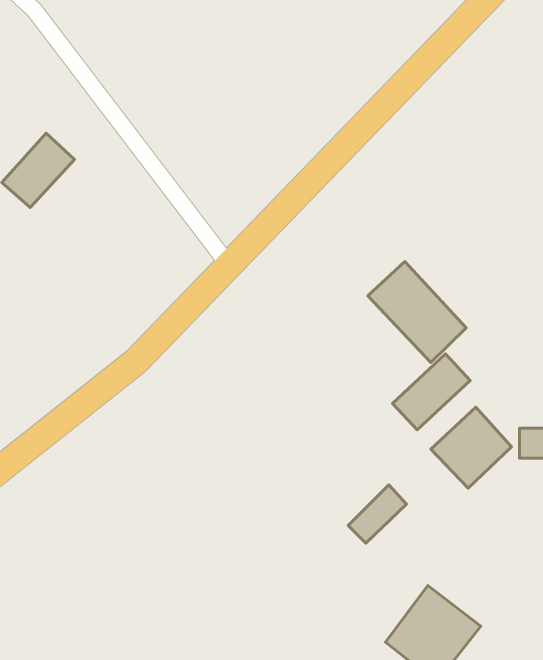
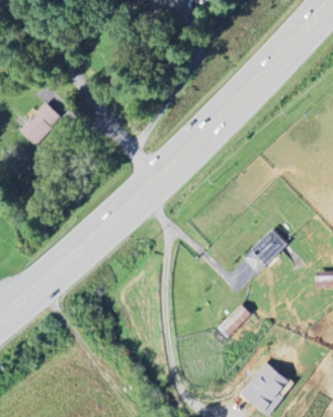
building: [368,261,466,363] -> none
building: [431,407,512,488] -> none

